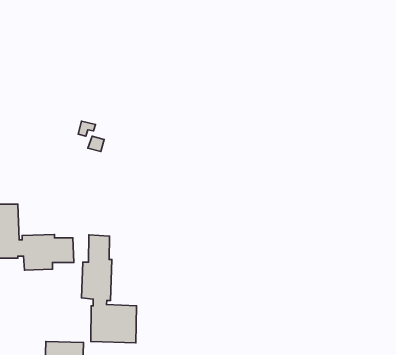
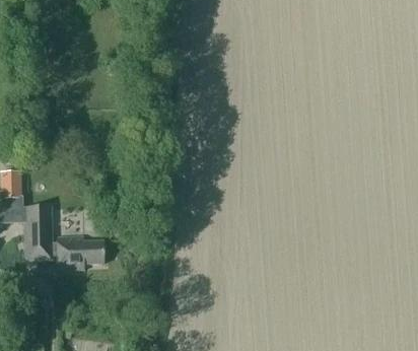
building: [81,235,136,343] -> none

